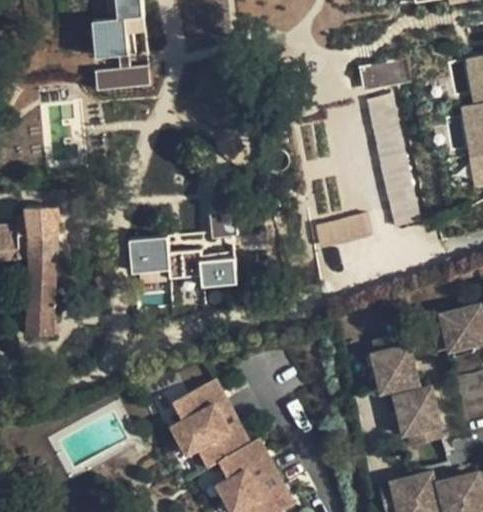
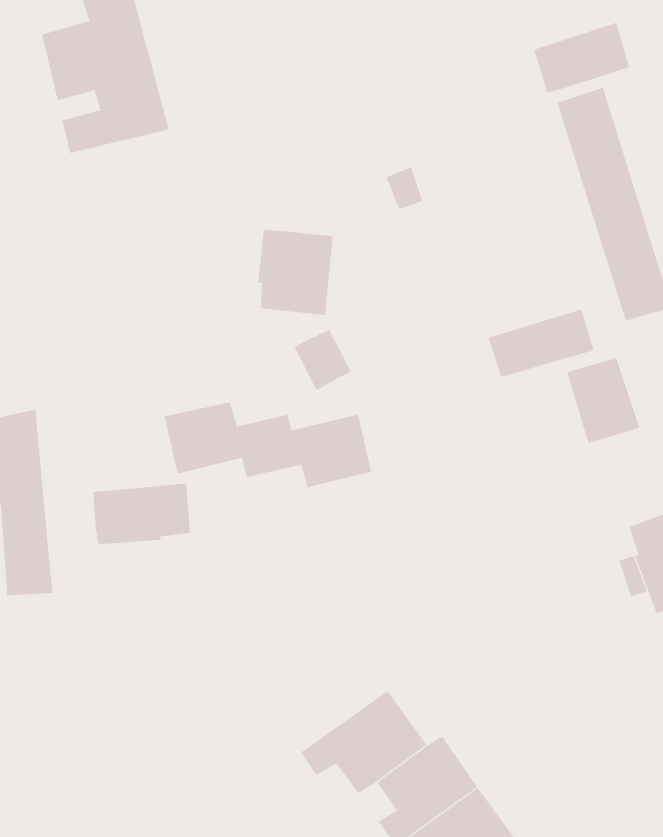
building: none -> [257,229,333,316]
building: none -> [566,357,640,444]
building: none -> [93,483,190,545]
building: [172,377,232,438] -> none

